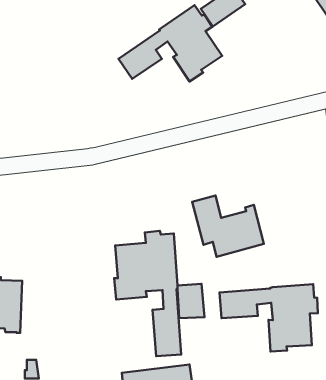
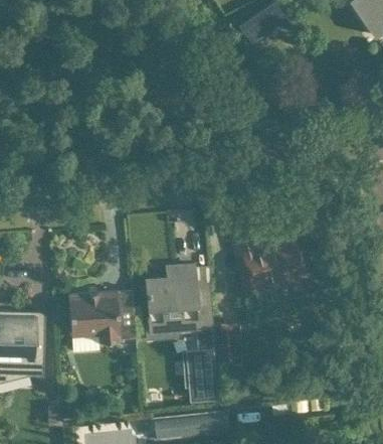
building: [118,5,222,82] -> none
building: none -> [65,291,133,352]
building: [220,284,318,351] -> none

